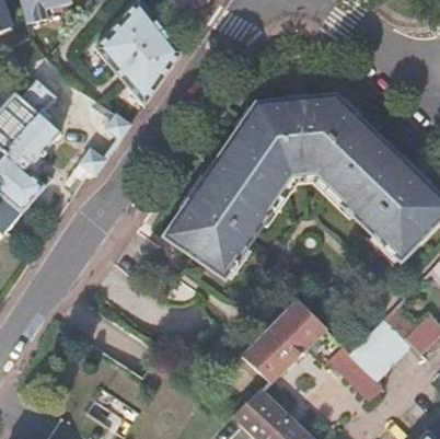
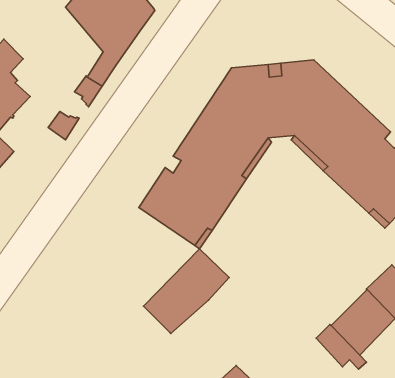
building: [244,301,326,382] -> [143,249,229,334]

